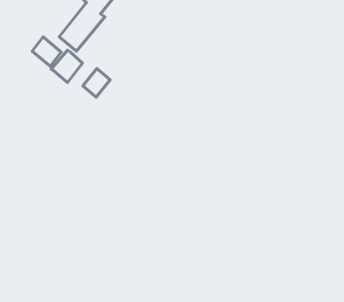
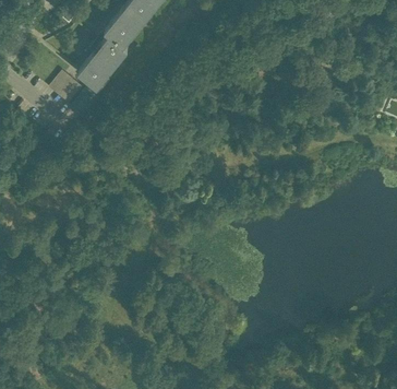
building: [83,68,110,97] -> none

